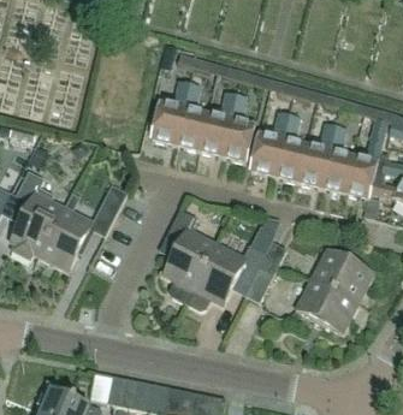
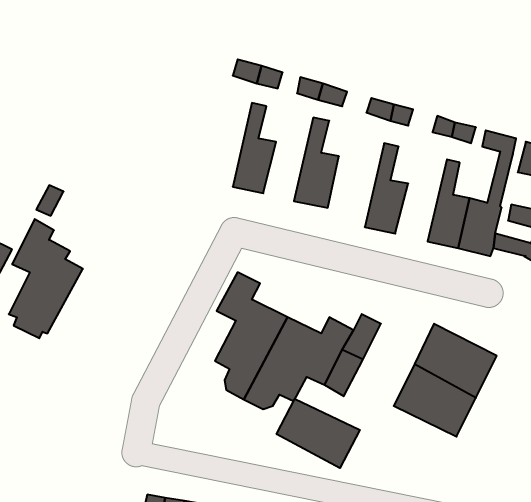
building: [152,82,190,147] -> none
building: [198,93,236,158] -> none
building: [250,112,289,177] -> none
building: [297,124,336,188] -> none
building: [37,184,126,271] -> none
building: none -> [277,399,360,468]

